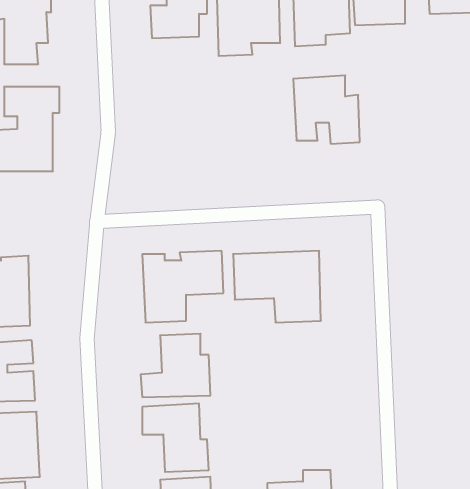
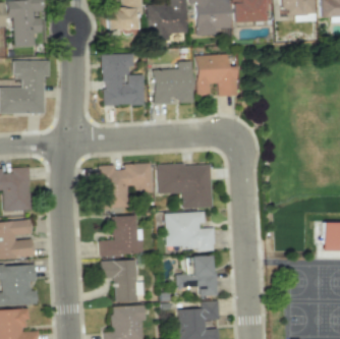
building: none -> [103,54,145,106]
building: none -> [153,61,193,104]
building: none -> [165,213,215,250]
building: none -> [176,256,218,296]

